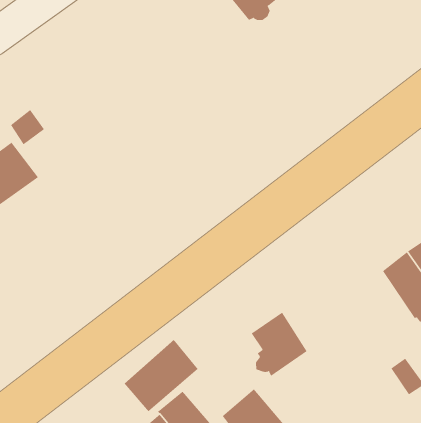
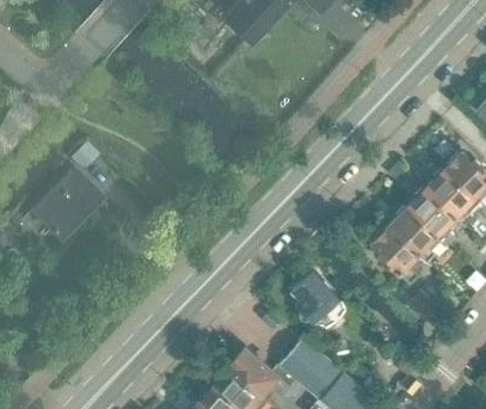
building: none -> [369,225,420,282]
building: [124,339,199,412] -> none

